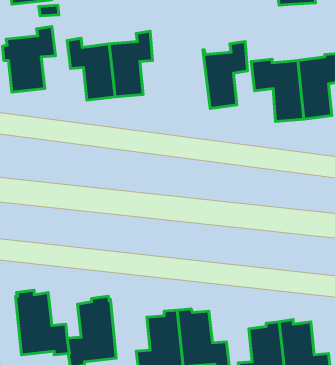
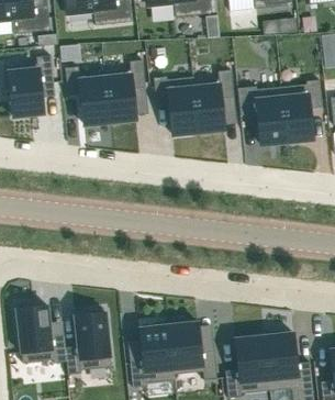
building: none -> [154,77,199,135]

